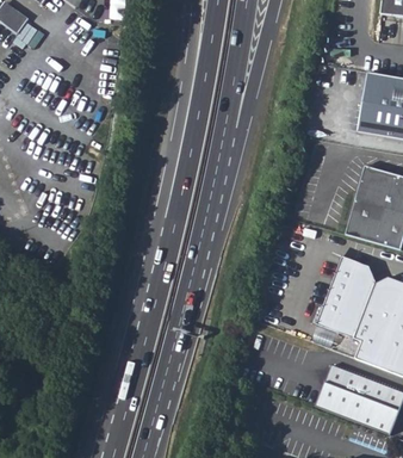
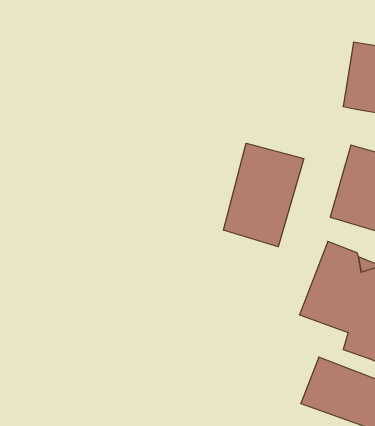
building: none -> [224,143,304,247]

